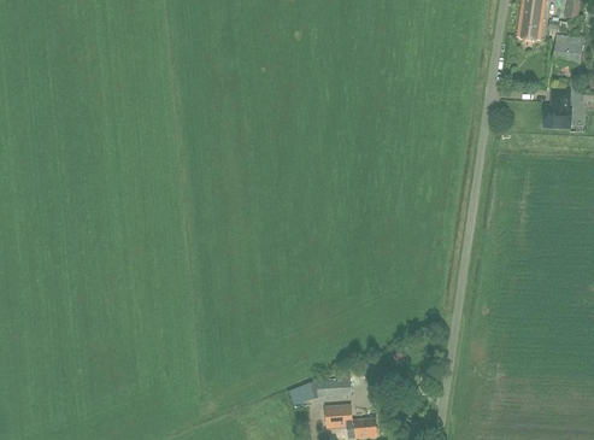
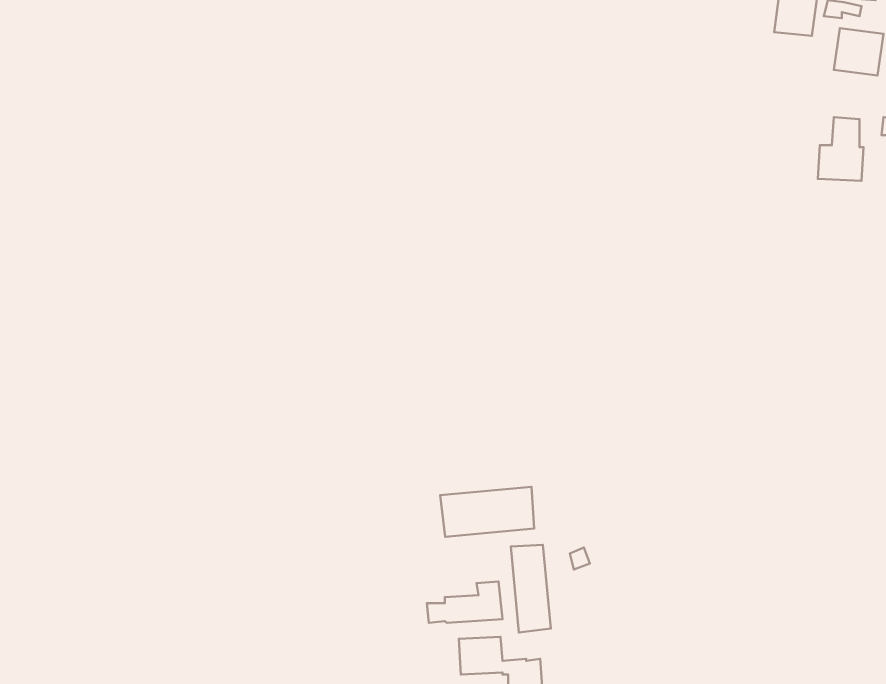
building: none -> [440,487,534,537]
building: none -> [511,545,551,632]

